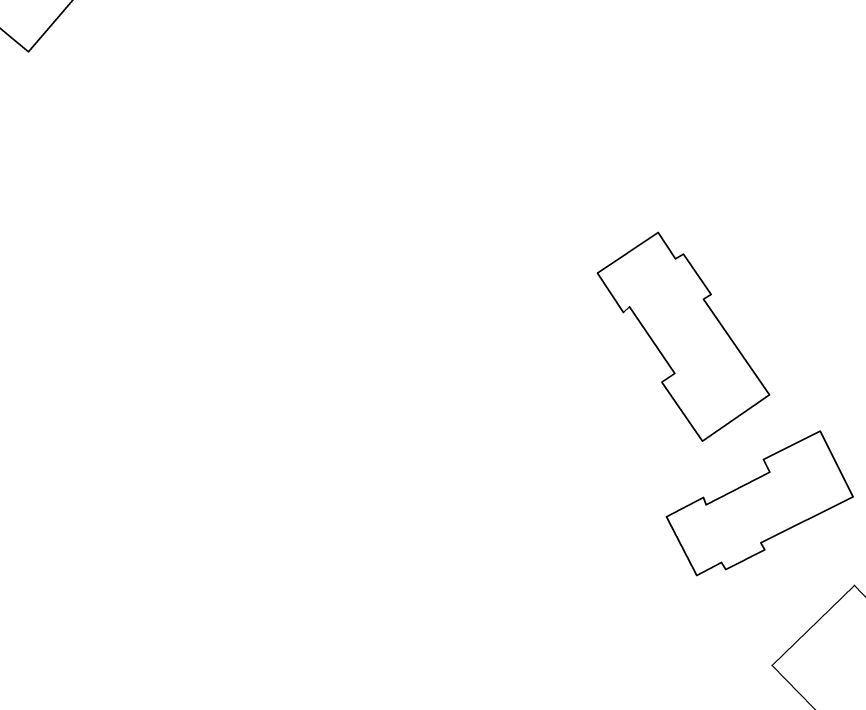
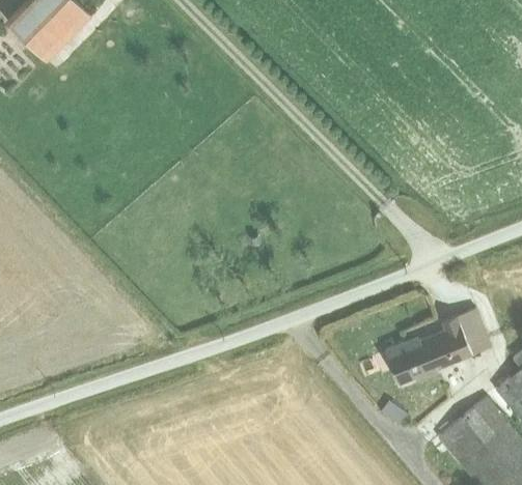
building: [597,232,769,441] -> none

